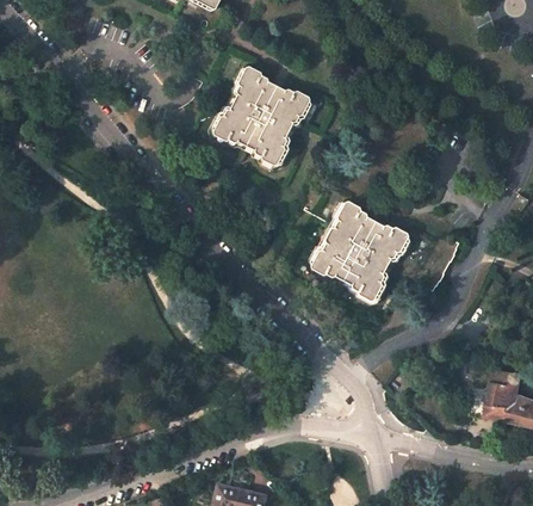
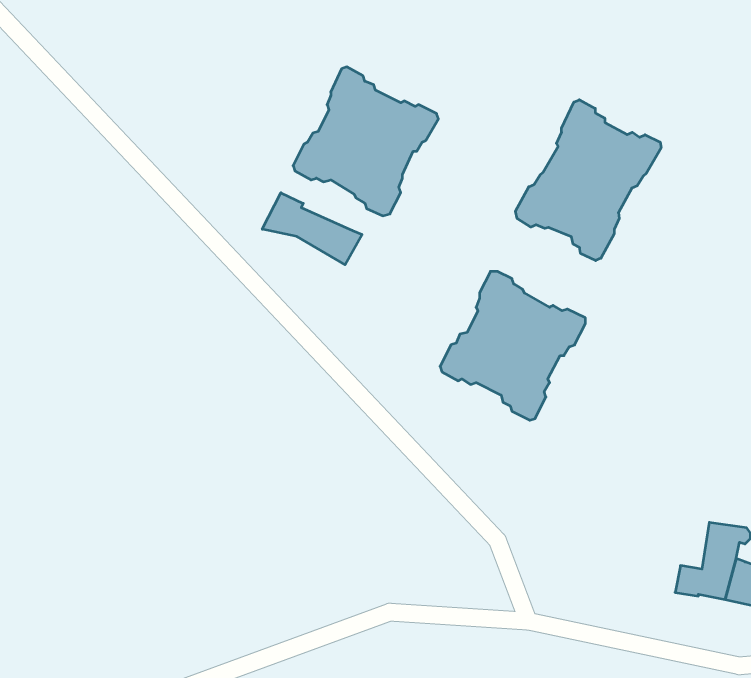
building: none -> [515,100,661,261]
building: none -> [262,193,362,265]

